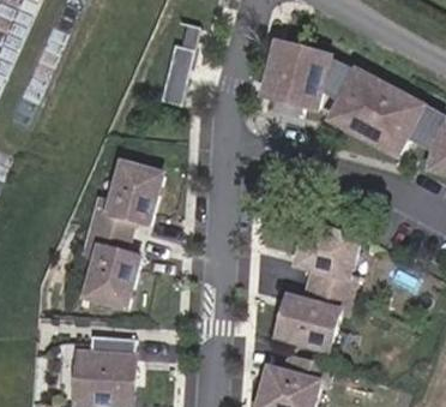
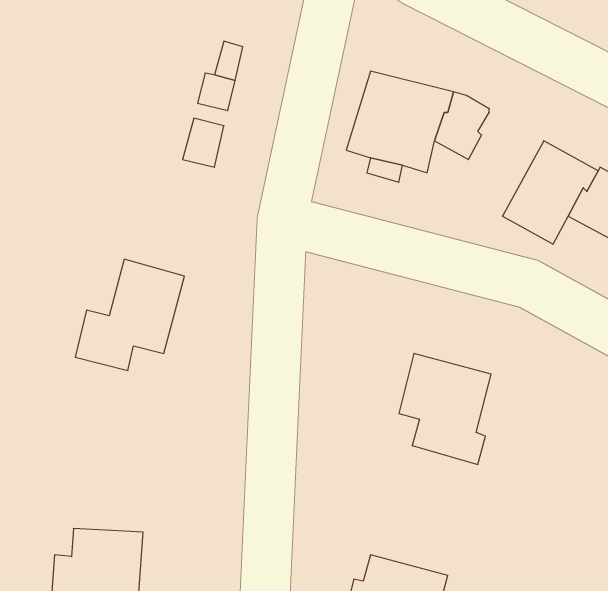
building: [331,72,390,138] -> none
building: [83,228,139,307] -> none
building: [278,285,348,349] -> none

